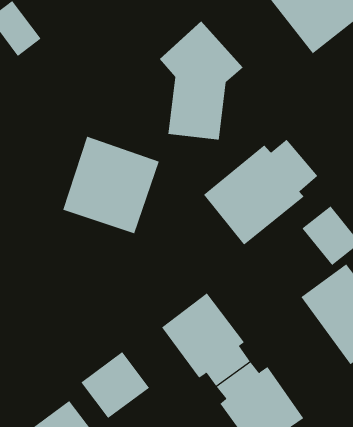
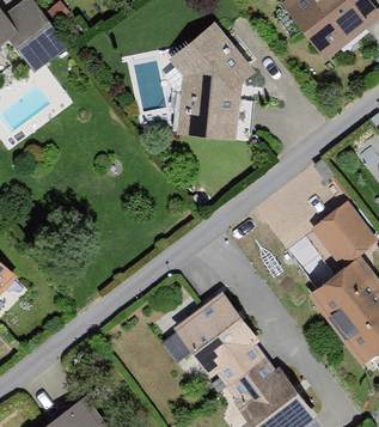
building: [63,136,159,234] -> none
building: [203,139,318,246] -> none
building: [80,351,150,419] -> none

